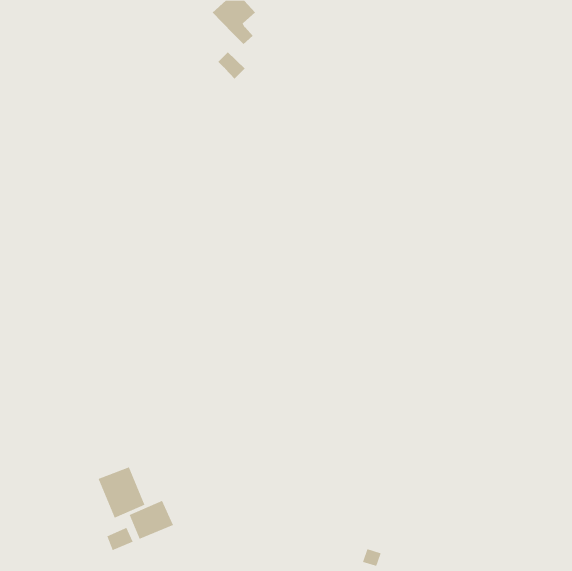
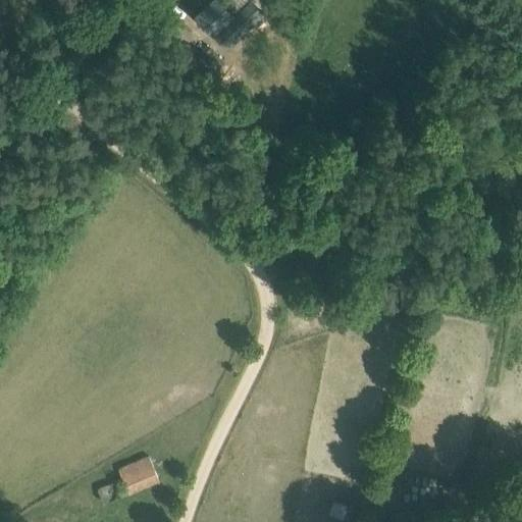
building: [98,466,145,518] -> none

